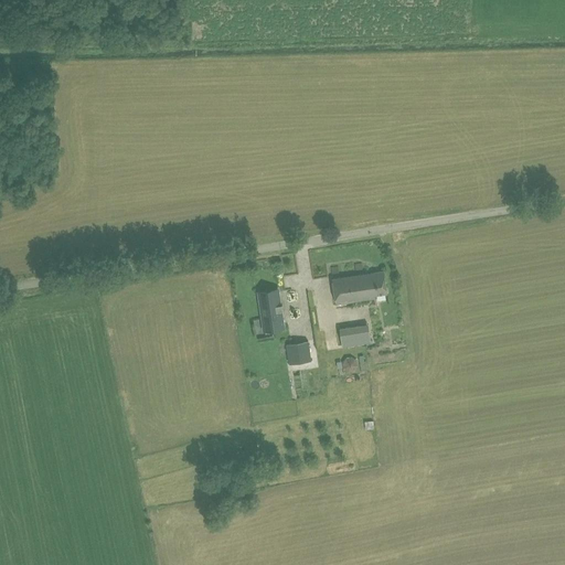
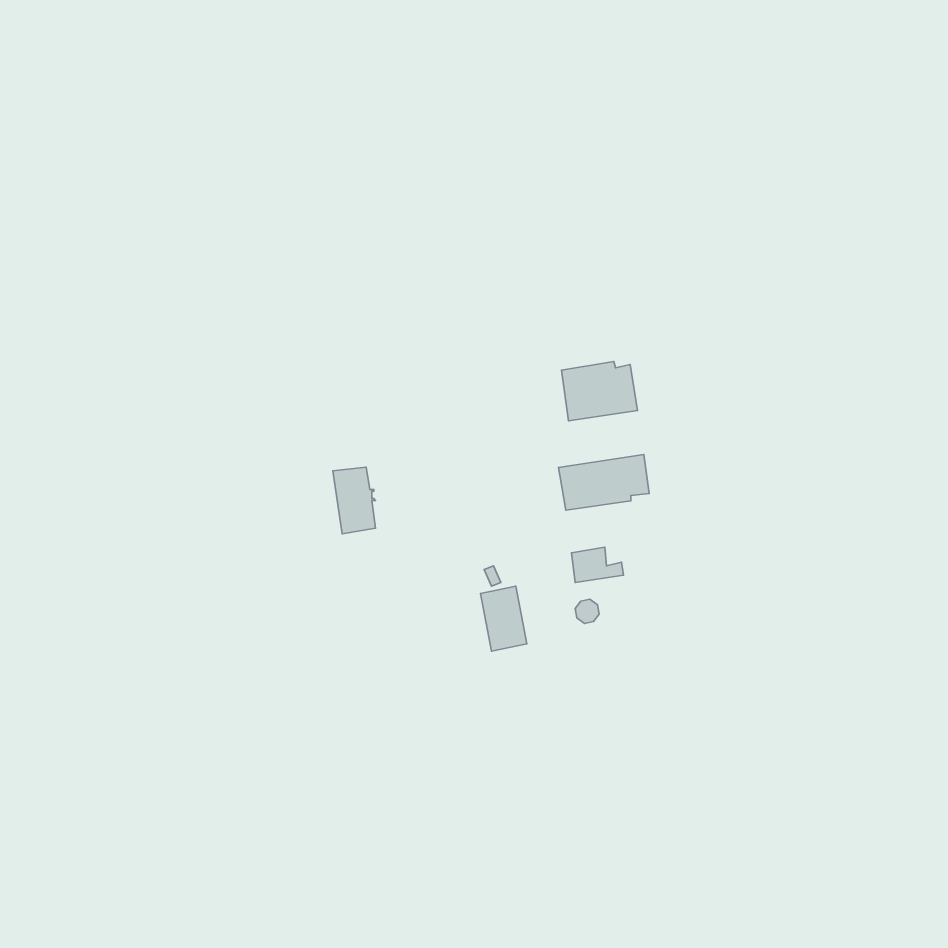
building: none -> [562,361,638,421]
building: [258,290,284,330] -> [333,467,376,534]

